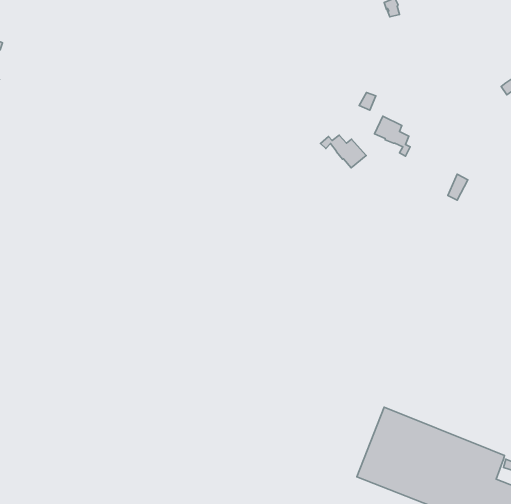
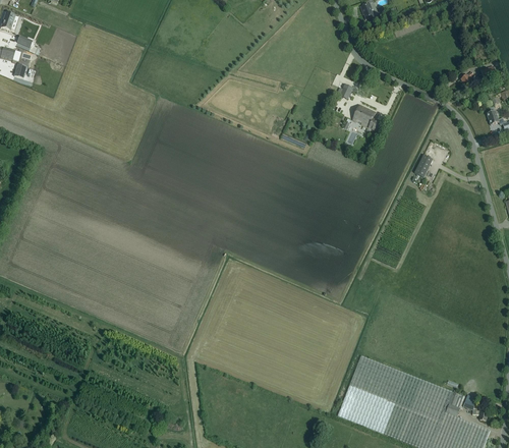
building: [321,135,366,168] -> none

